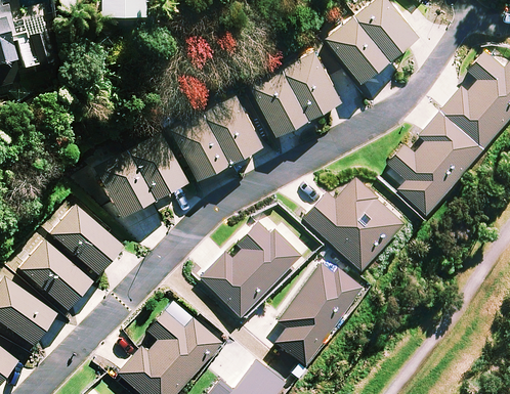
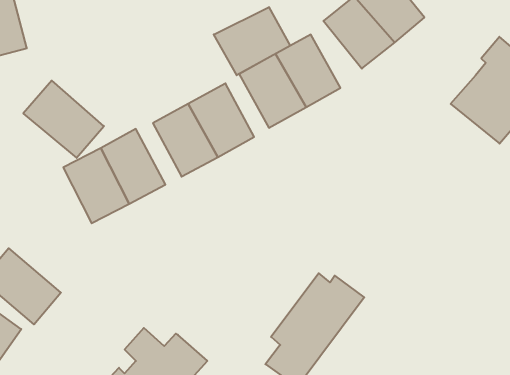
building: none -> [214,7,290,75]
building: [388,112,484,215] -> none
building: [304,178,405,270] -> none
building: [47,206,120,275] -> [23,81,104,158]
building: [201,222,302,317] -> none

